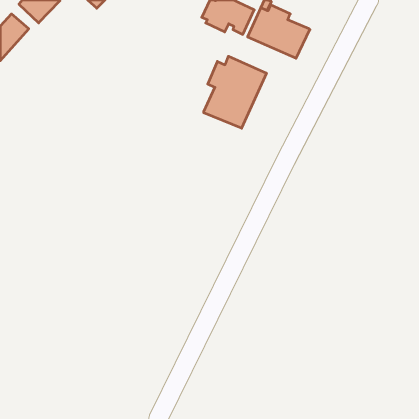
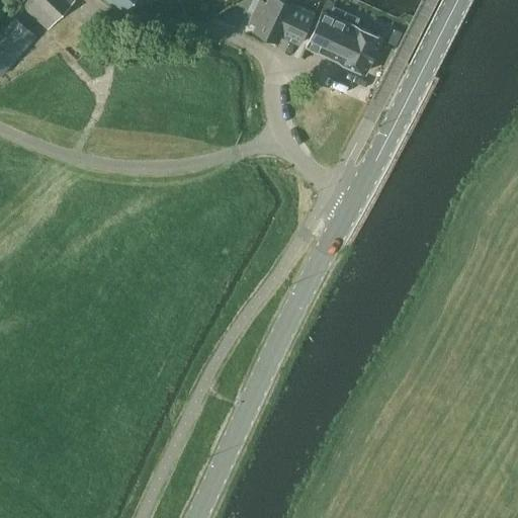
building: [204,56,266,128] -> none

